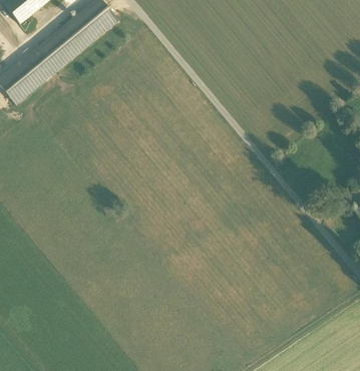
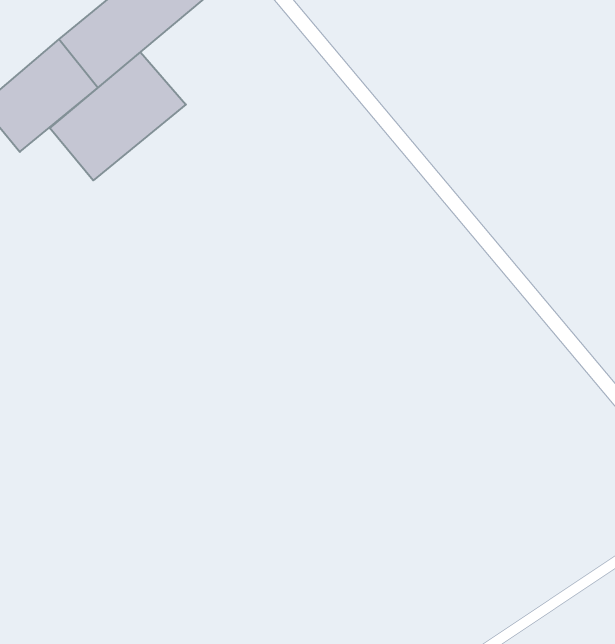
building: none -> [50,52,186,180]

